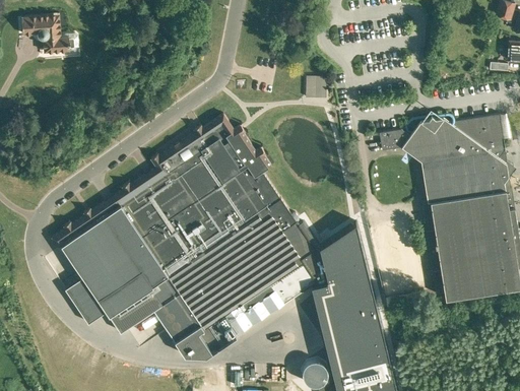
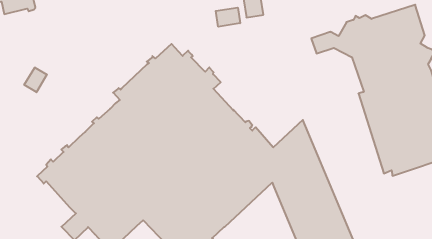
building: none -> [216,8,240,27]
building: none -> [24,67,47,92]

